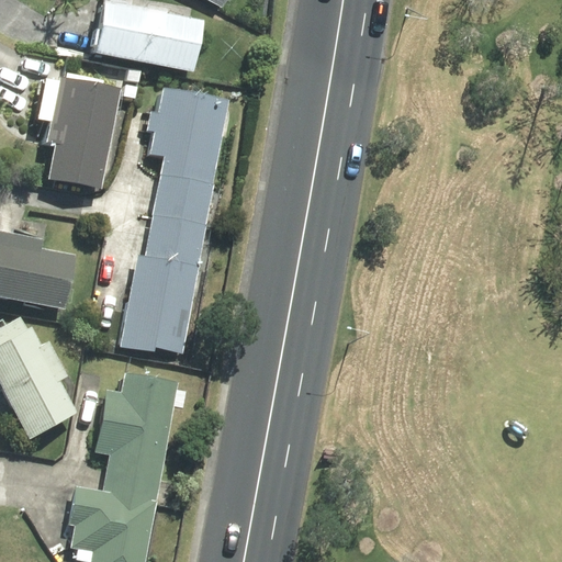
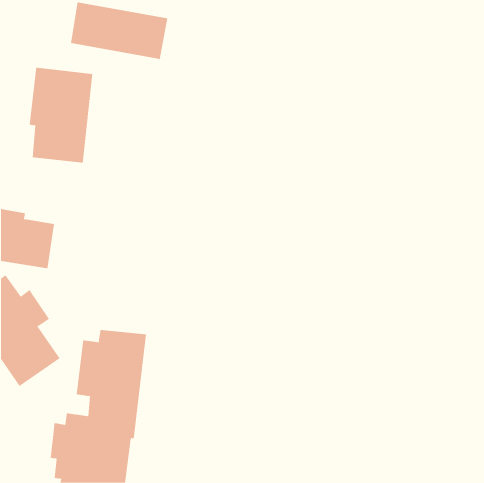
building: [122,90,226,353] -> none

